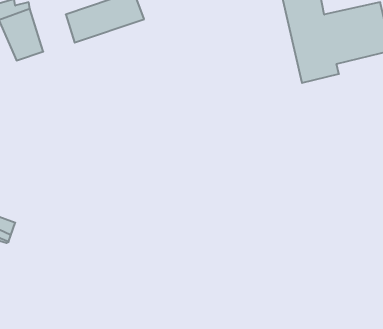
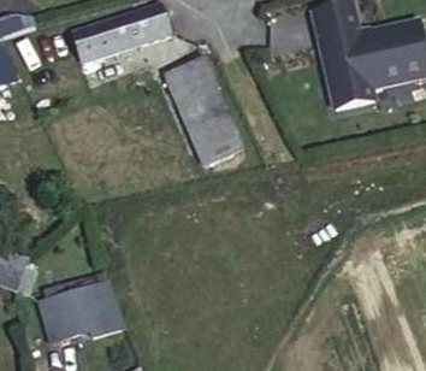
building: none -> [168,58,241,164]
building: none -> [45,290,108,343]

